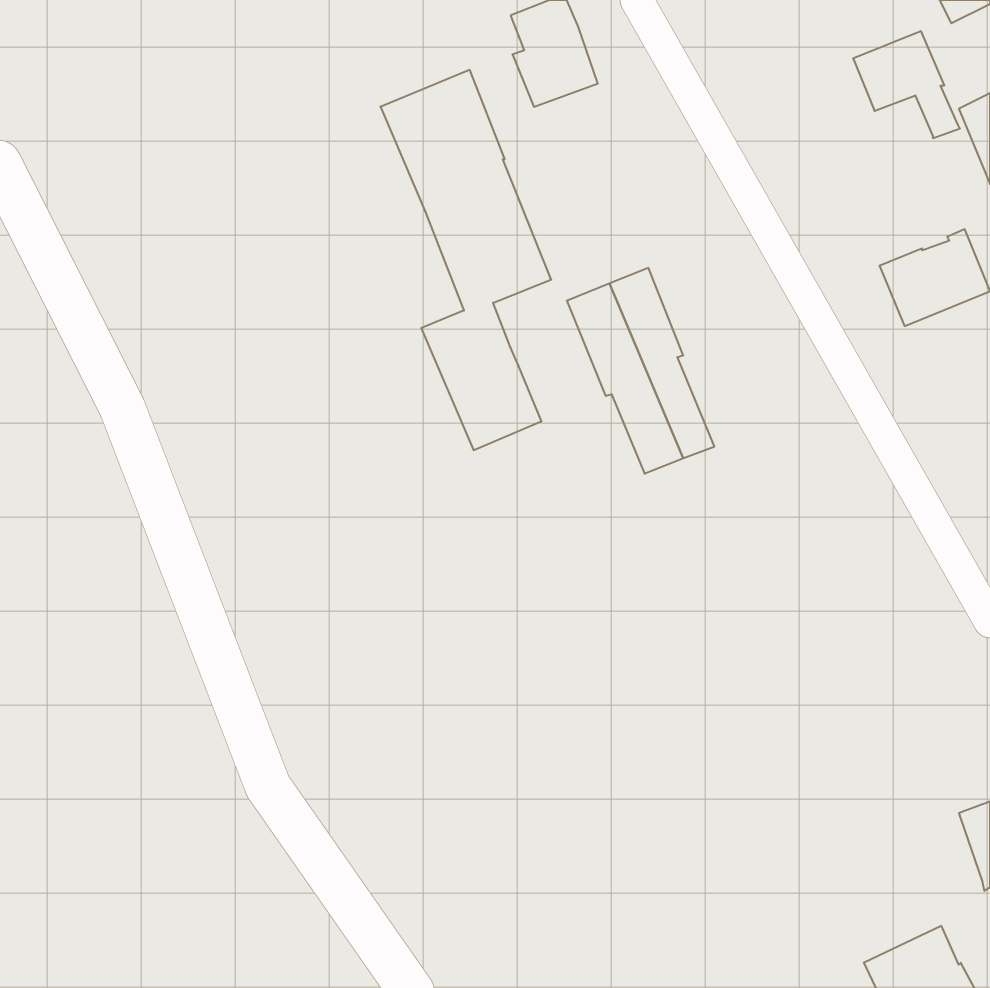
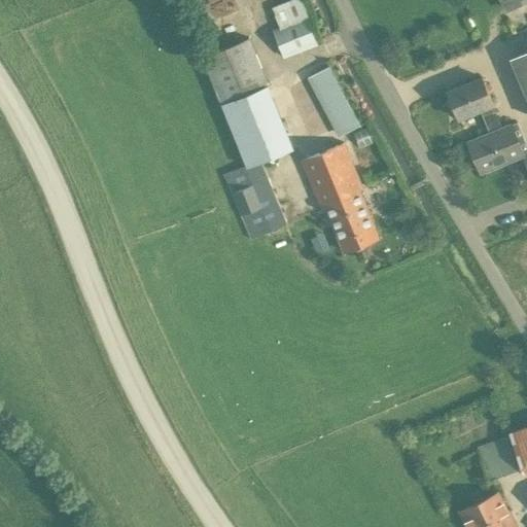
building: [853,31,960,138] -> [447,78,503,135]
building: none -> [311,68,354,126]
building: none -> [478,438,518,481]

